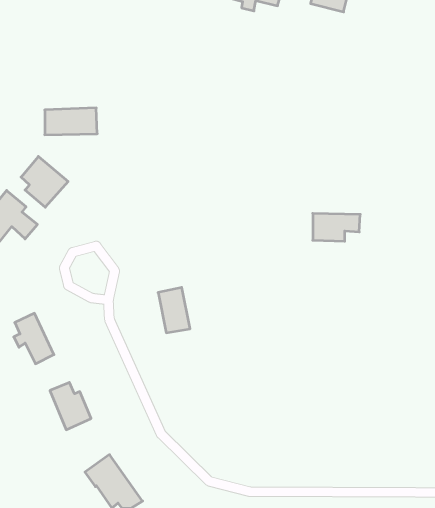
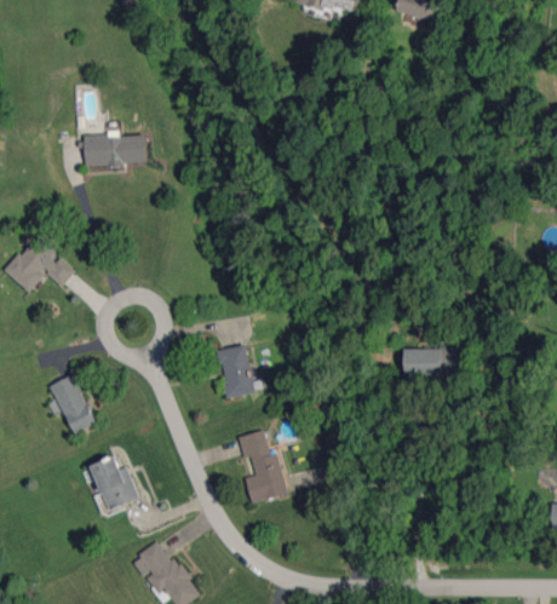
building: [21,156,68,207] -> none
building: [313,213,360,241] -> [403,346,459,379]
building: none -> [239,430,288,502]

